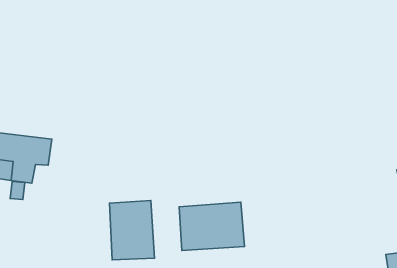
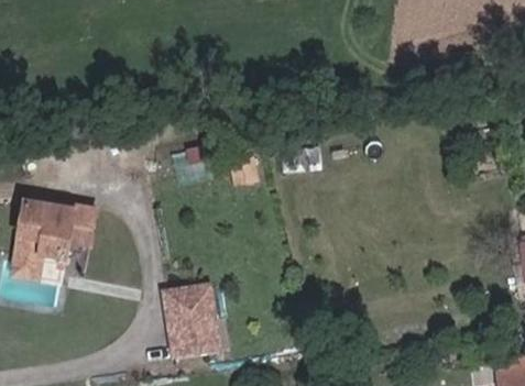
building: [179,202,245,250] -> none

